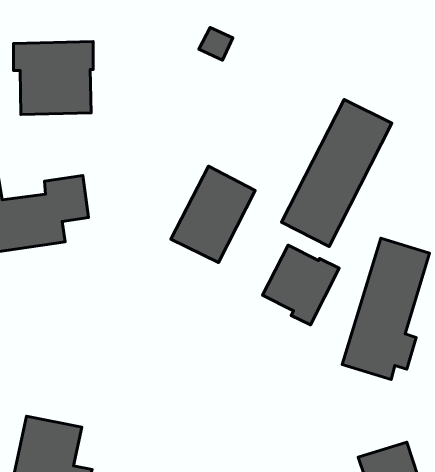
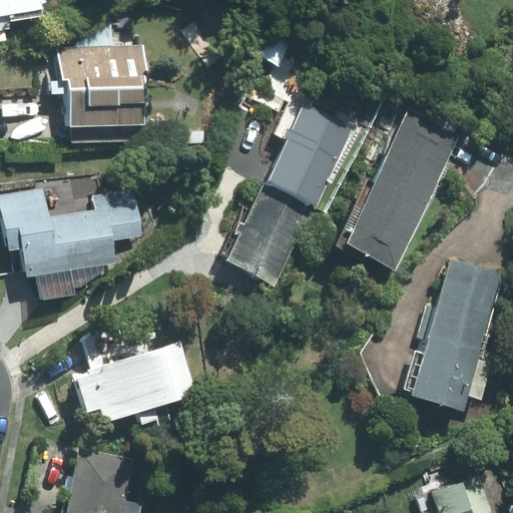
building: none -> [267,104,356,207]
building: [262,245,339,325] -> none
building: none -> [68,335,195,427]

